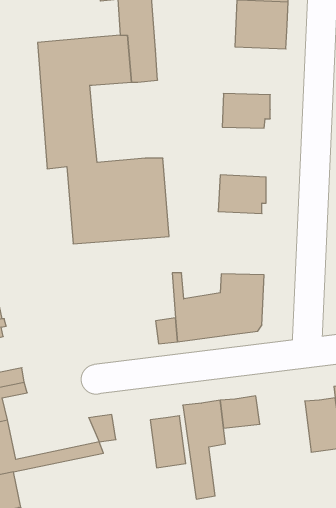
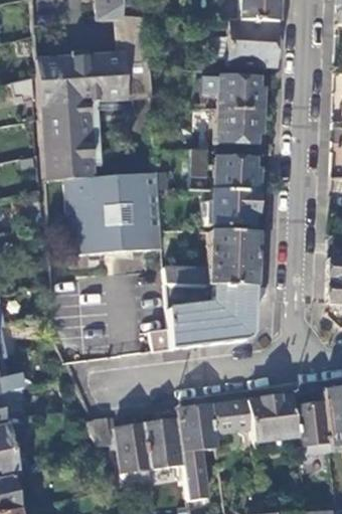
building: none -> [202,74,264,109]
building: none -> [190,147,260,188]
building: none -> [167,228,271,283]
building: none -> [247,393,299,442]
building: none -> [116,422,152,472]

